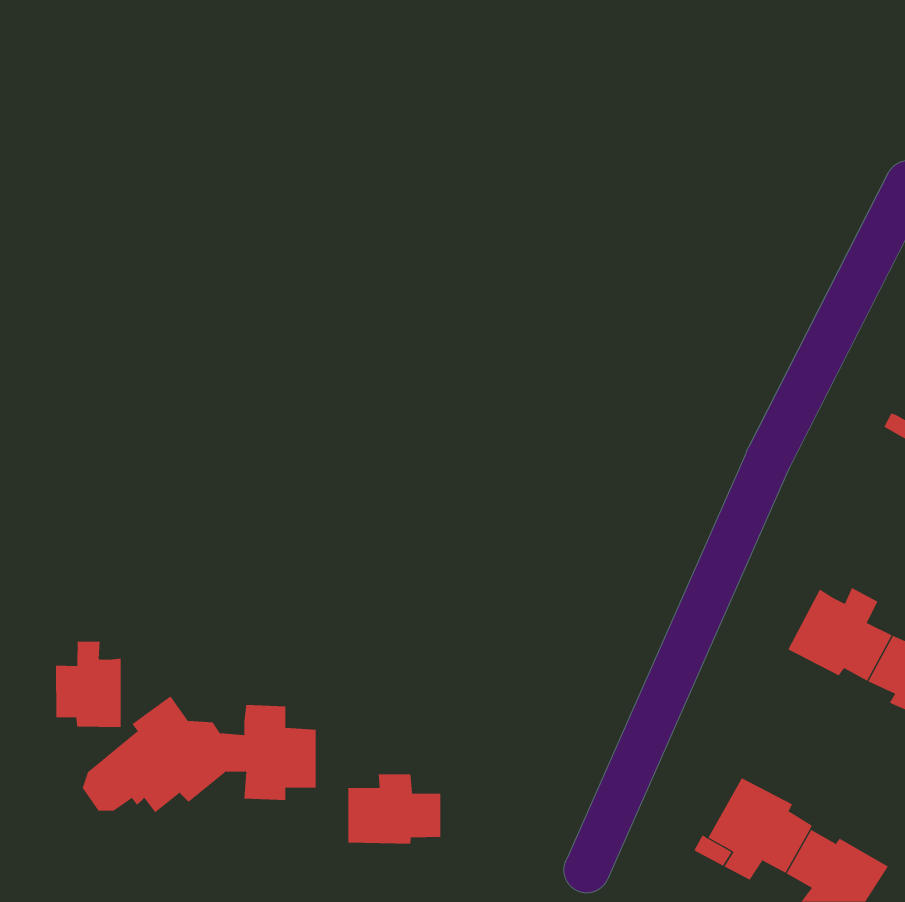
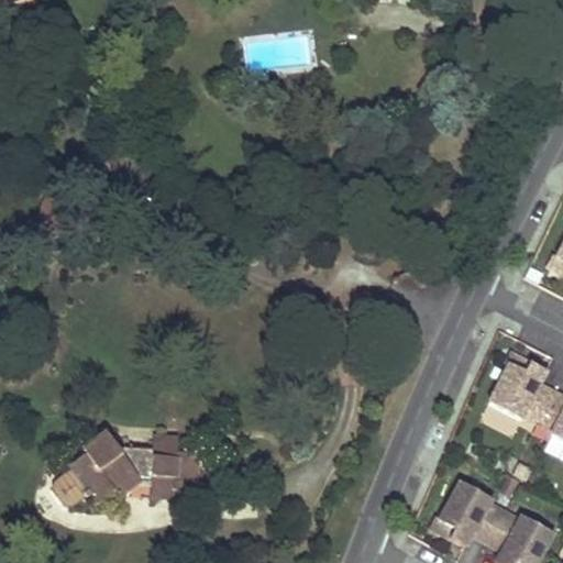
building: [55,641,121,728] -> none
building: [348,774,441,845] -> none

